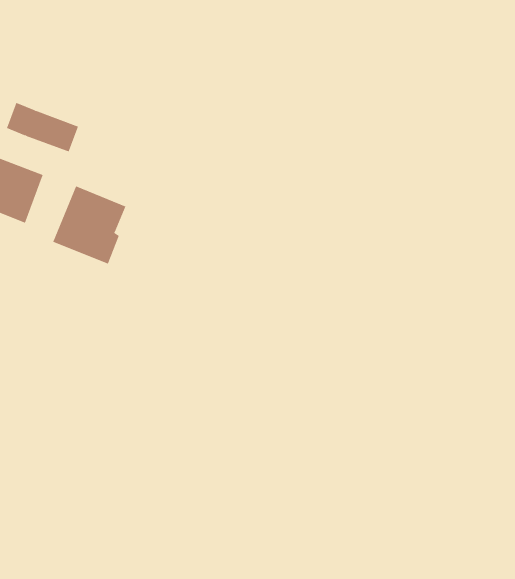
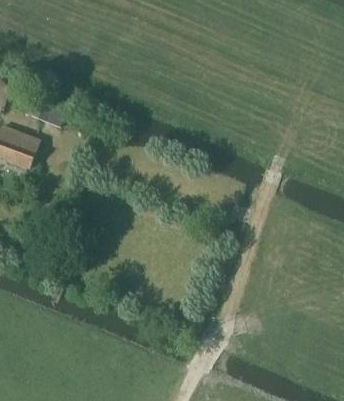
building: [52,186,126,264] -> none

